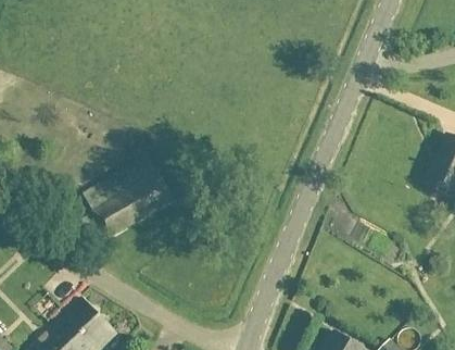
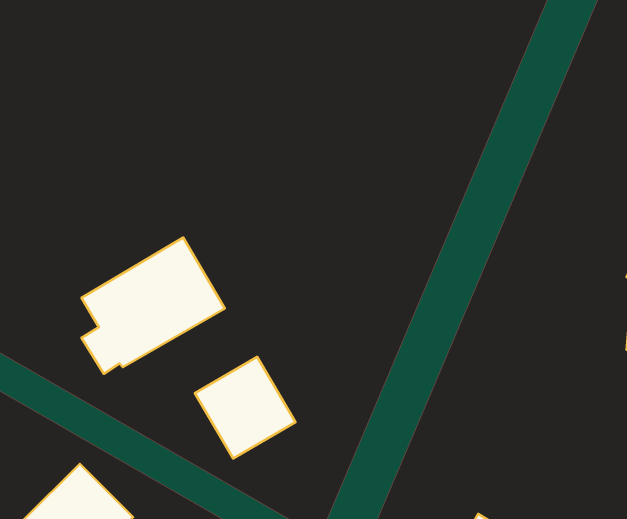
building: none -> [195,357,295,459]

